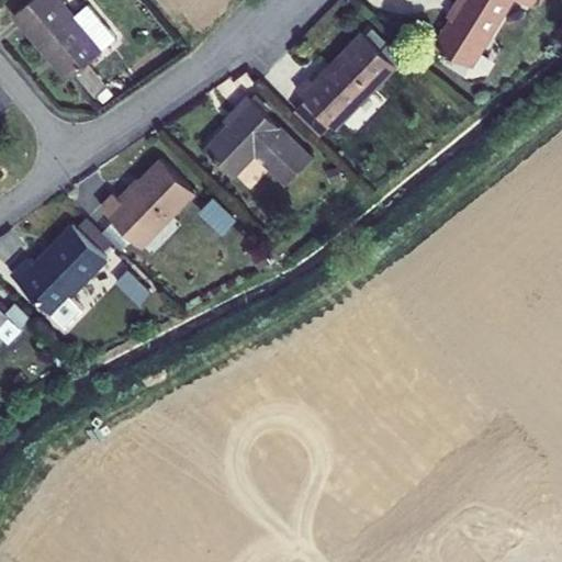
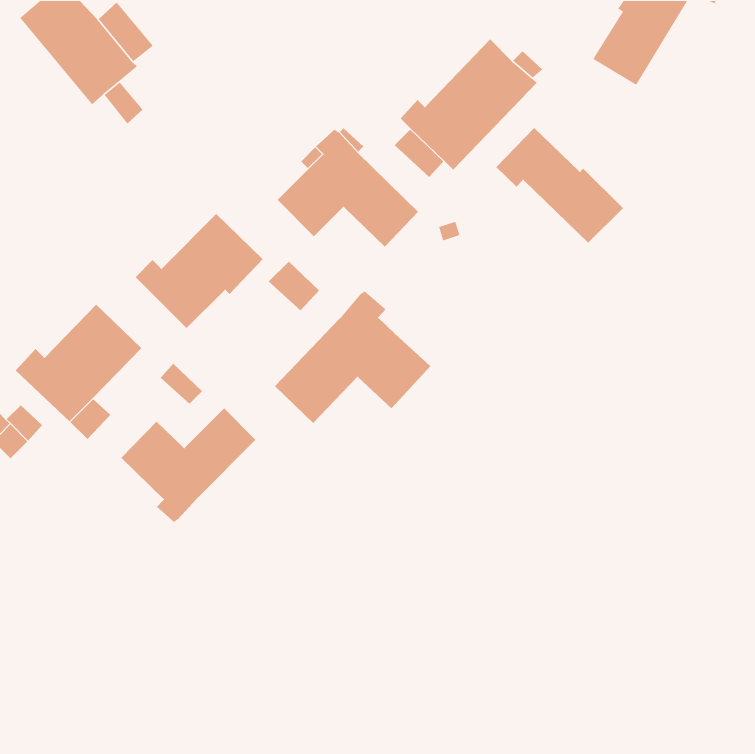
building: none -> [496,127,624,243]
building: none -> [274,290,431,424]
building: none -> [120,407,256,523]

